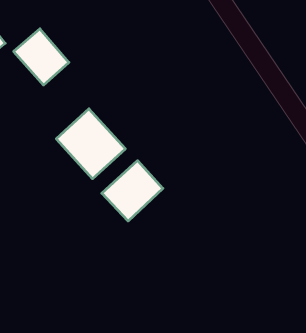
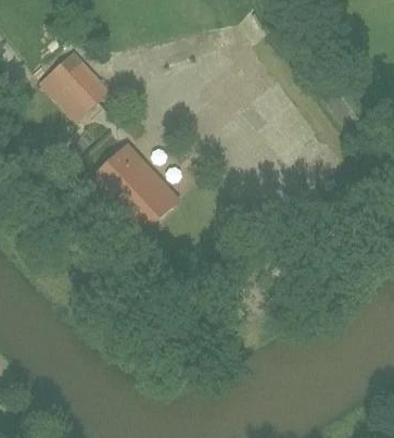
building: [102,161,163,221] -> none

